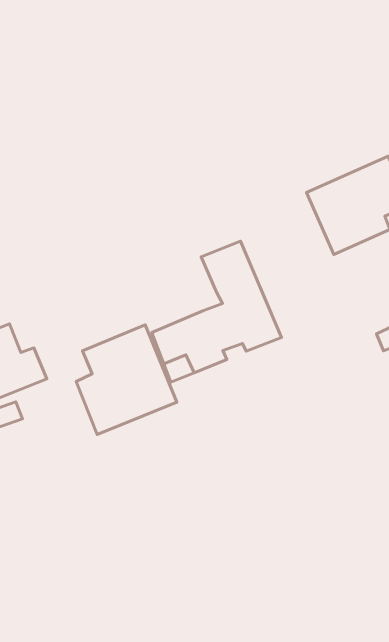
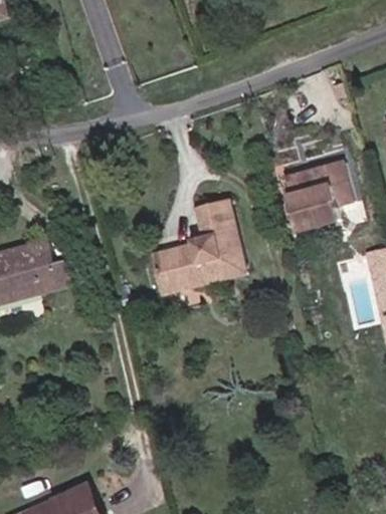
building: [76,325,177,435] -> none

